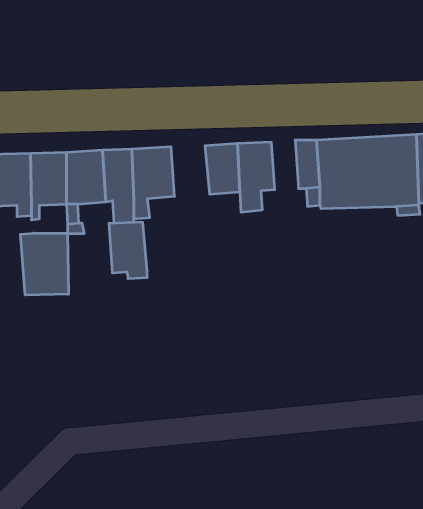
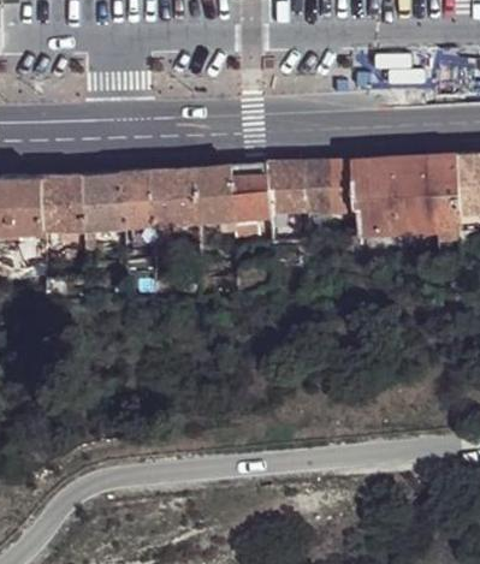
building: none -> [304,161,333,234]
building: [109,222,147,279] -> [197,167,238,227]
building: [20,233,68,295] -> none

